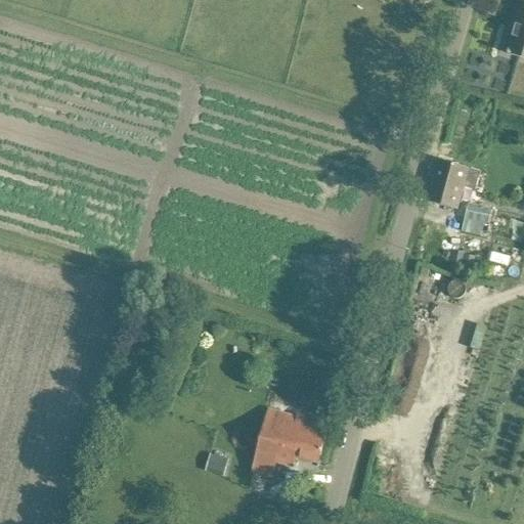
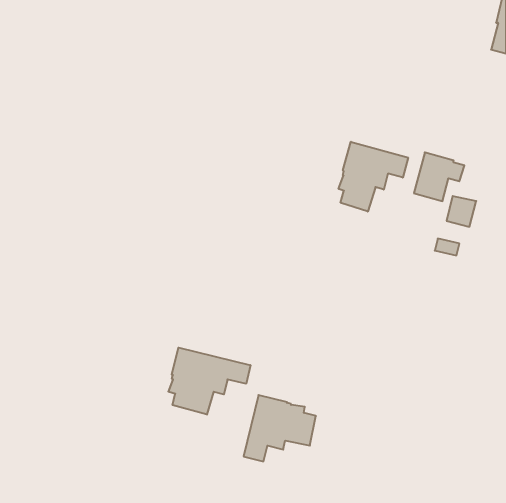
building: none -> [339,142,408,212]
building: none -> [168,348,250,415]

